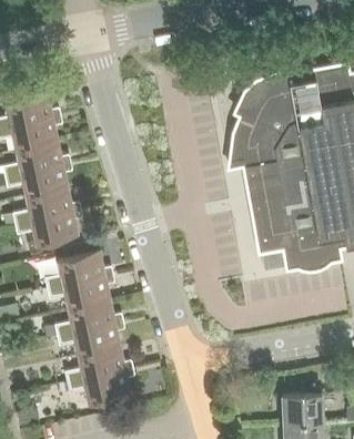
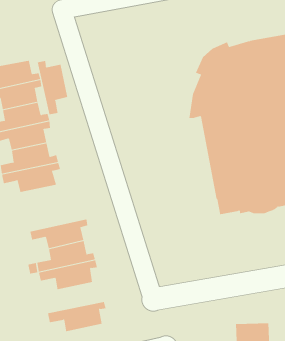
building: none -> [37,60,68,115]
building: [45,252,113,289] -> none
building: [65,347,133,382] -> none

